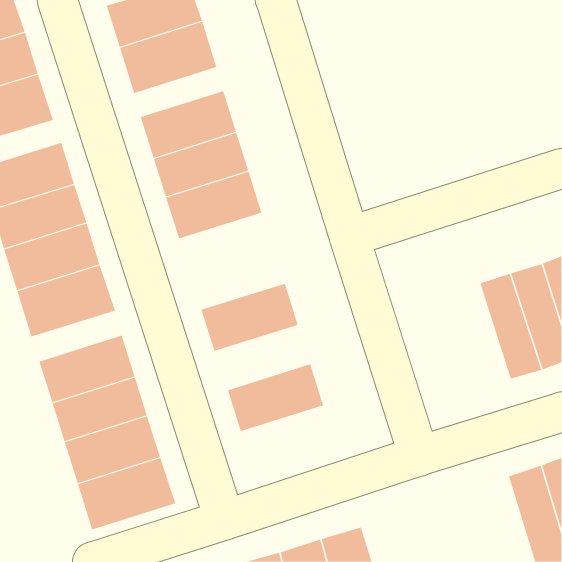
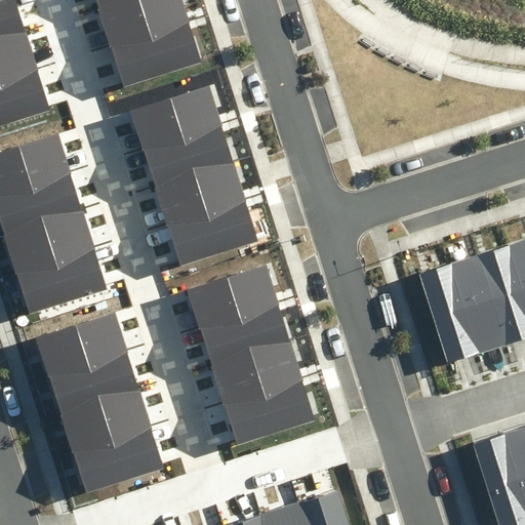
building: none -> [166,198,258,266]
building: none -> [417,264,475,362]
building: none -> [199,302,289,363]
building: none -> [224,377,315,445]

